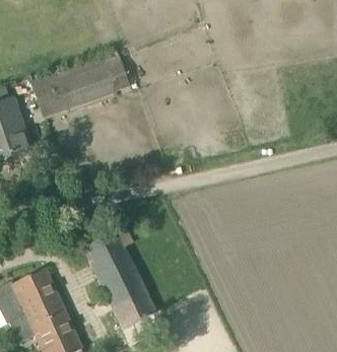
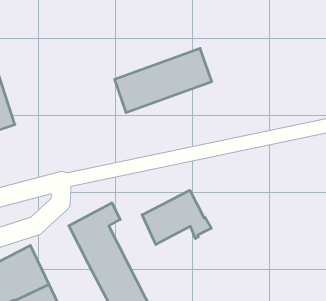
building: [33,53,129,116] -> [115,48,212,113]
building: none -> [142,190,211,245]

